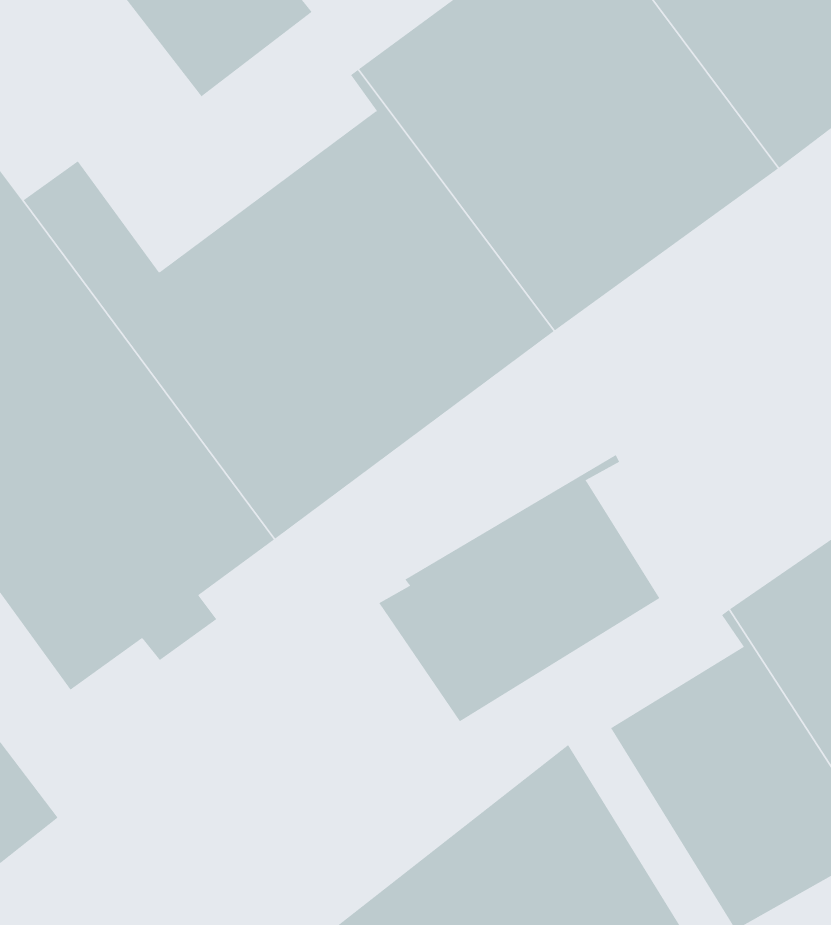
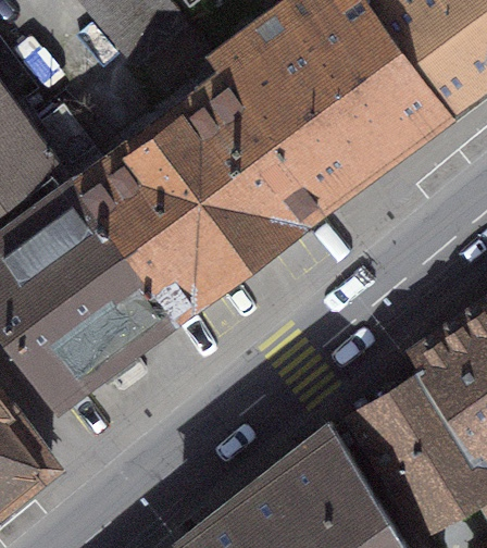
building: [379,454,660,722] -> none

